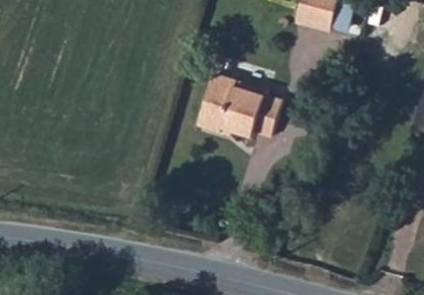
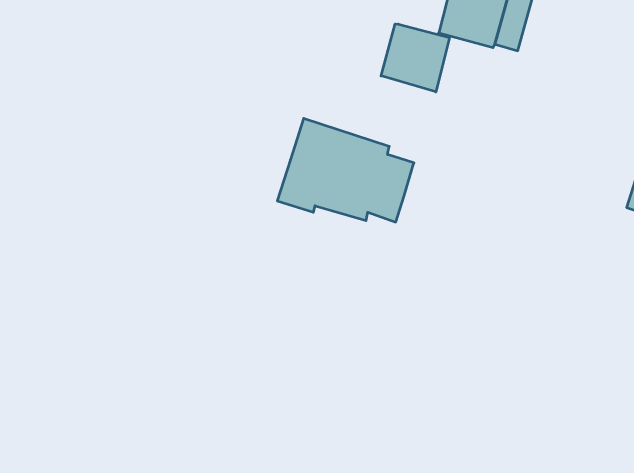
building: none -> [381,24,450,92]

